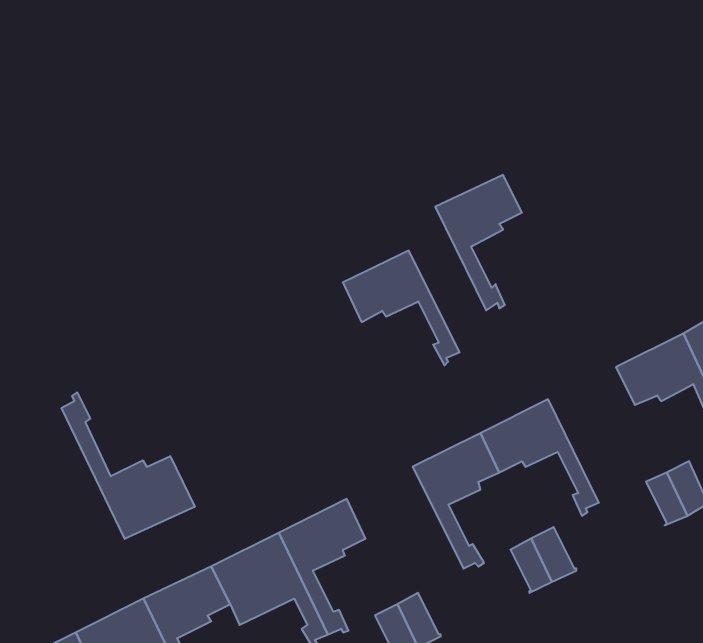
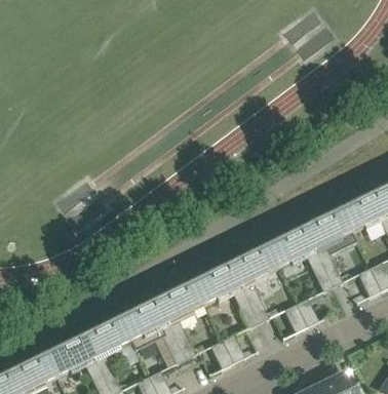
building: [435,175,522,310] -> [302,209,349,283]
building: [343,251,460,365] -> [192,264,256,326]
building: [62,392,195,539] -> none

